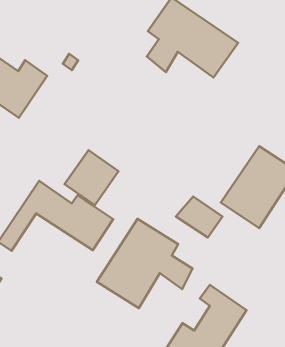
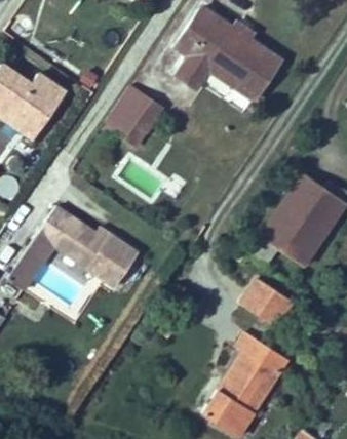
building: [65,150,119,205] -> [104,85,164,147]
building: [176,197,222,238] -> [242,279,295,325]
building: [97,219,192,308] -> none

